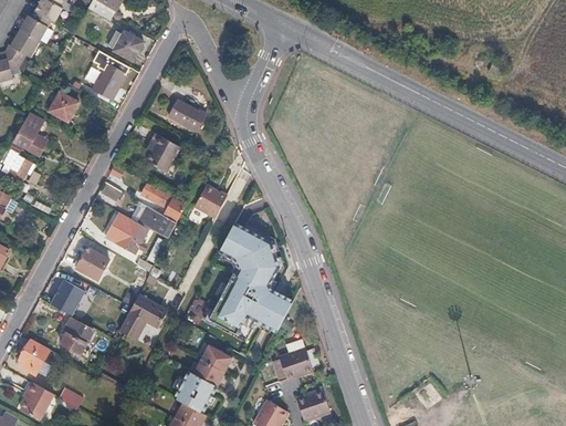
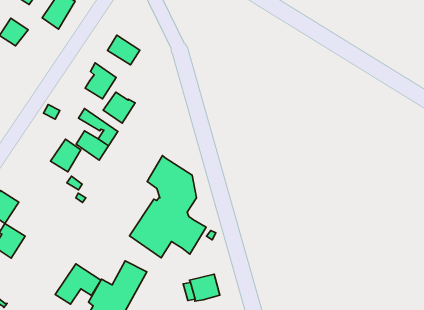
building: [195,190,229,224] -> [103,92,135,123]
building: [75,247,108,279] -> none
building: [118,293,167,337] -> [55,264,101,304]

